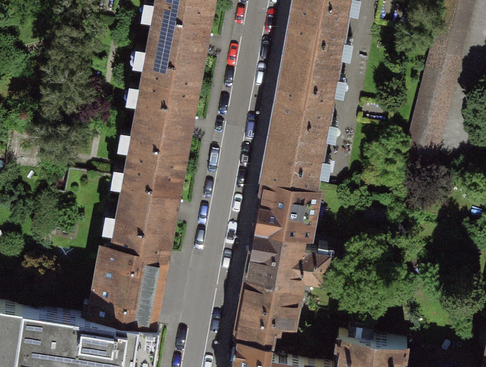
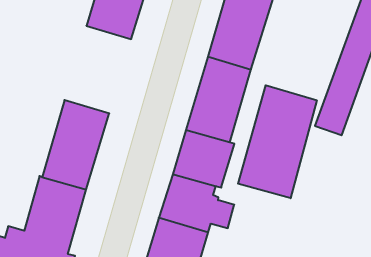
building: [129,83,194,175] -> none
building: none -> [238,85,317,198]

